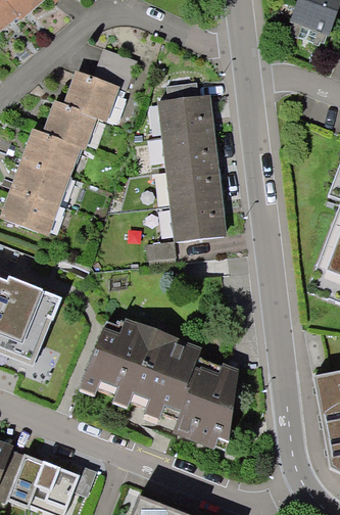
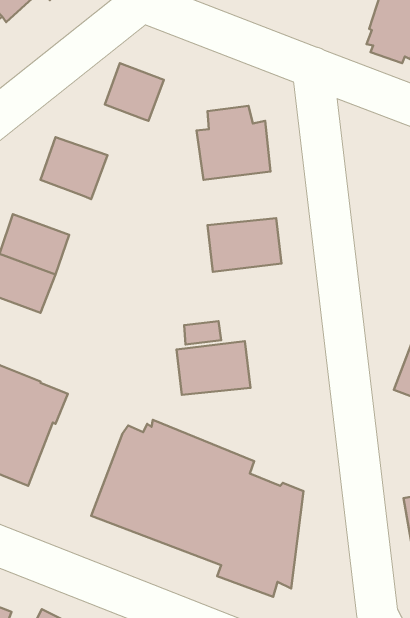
building: [62,76,123,125] -> none
building: [163,131,217,171] -> none
building: [21,134,75,178] -> none
building: [171,199,226,239] -> [176,341,250,395]

